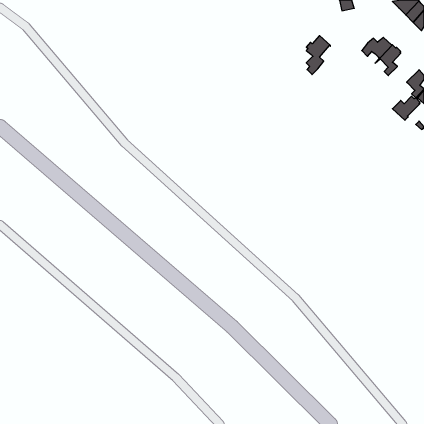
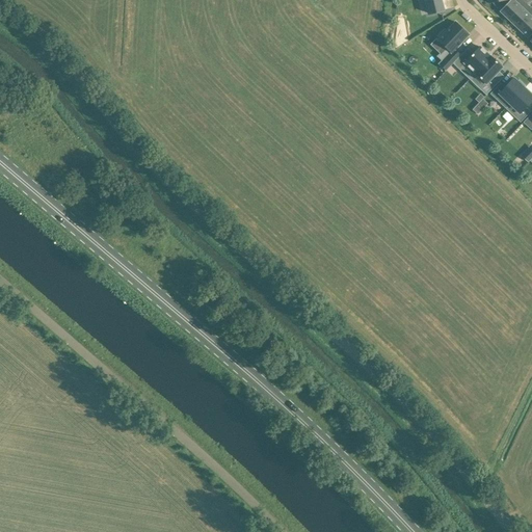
building: [306,36,330,75] -> [438,22,469,71]
building: [392,96,420,120] -> [490,78,525,108]

